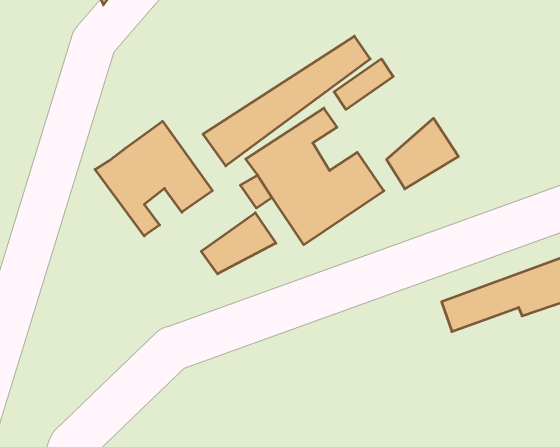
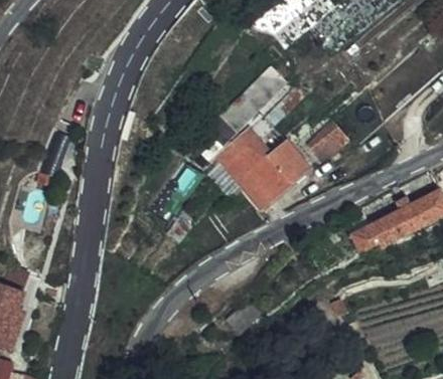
building: [95,121,212,236] -> none
building: [201,213,276,274] -> none

